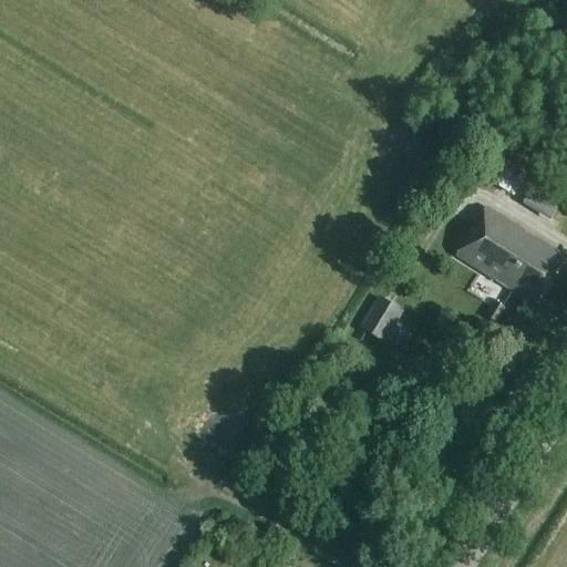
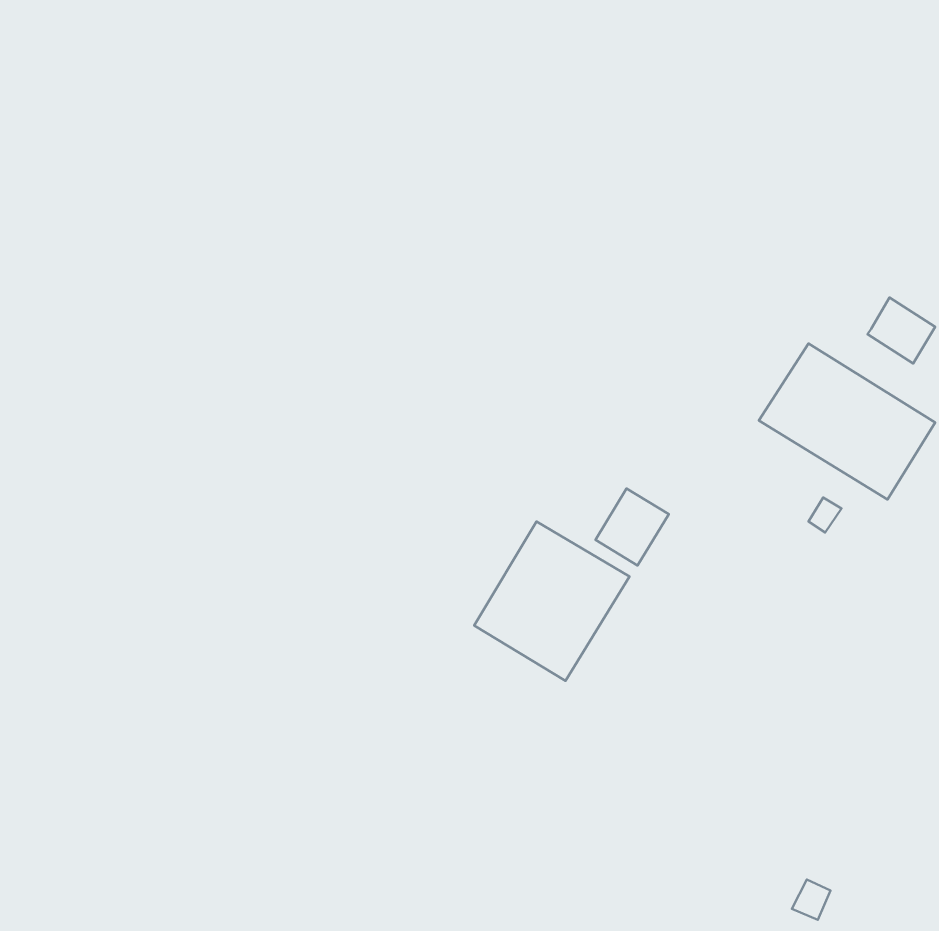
building: none -> [474,521,630,681]

